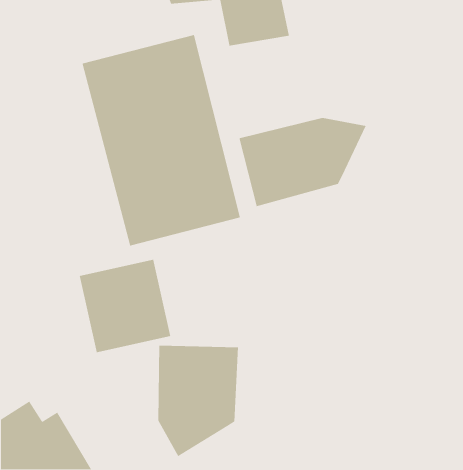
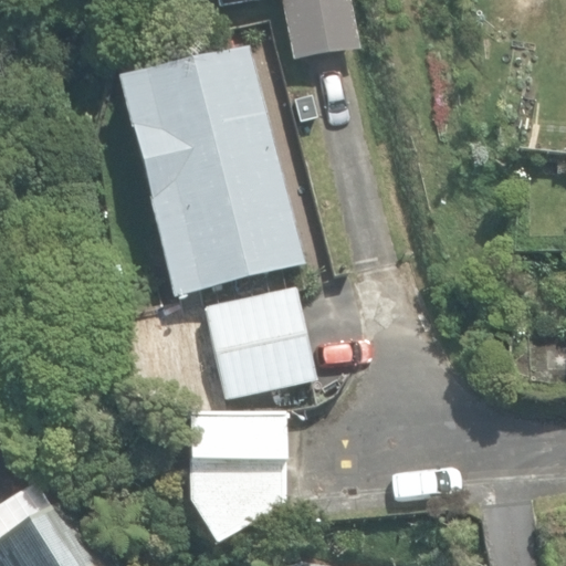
building: [238,117,367,207] -> none
building: [79,259,171,353] -> [216,286,326,399]

